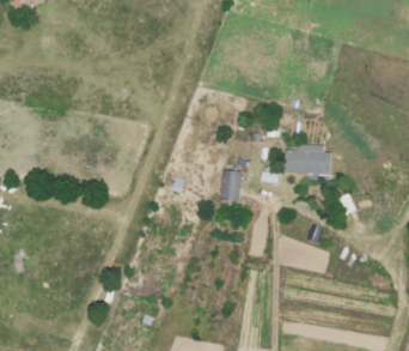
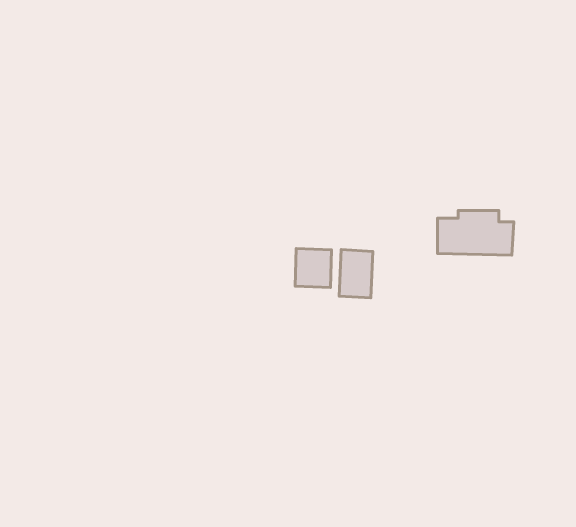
building: none -> [295,248,331,288]

